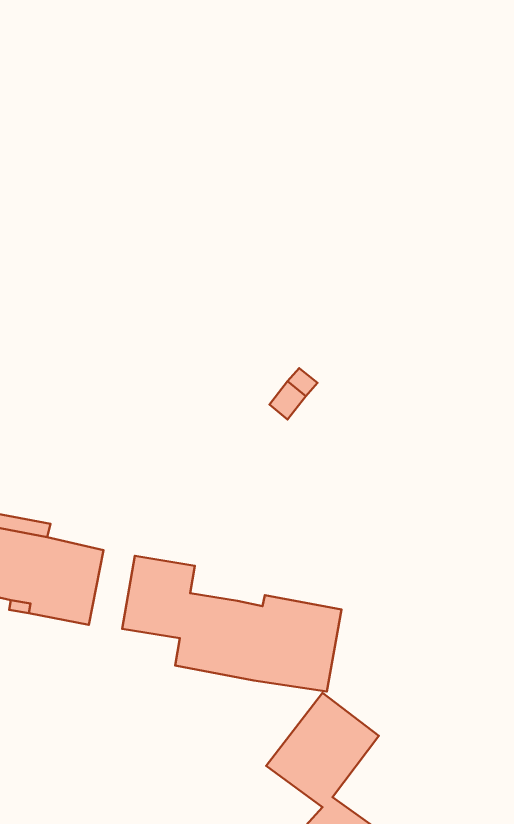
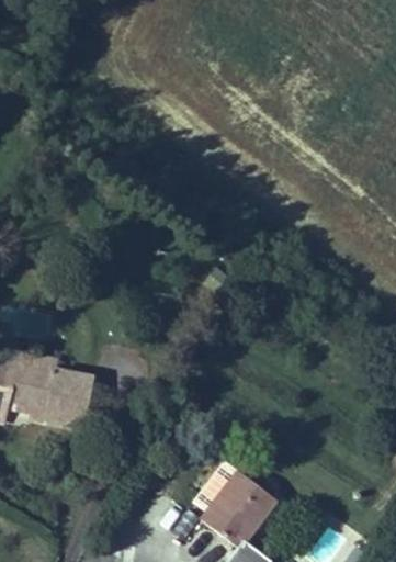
building: [122,556,342,691] -> none

